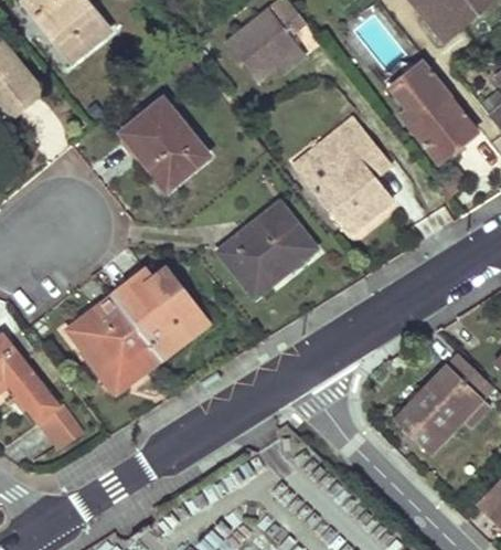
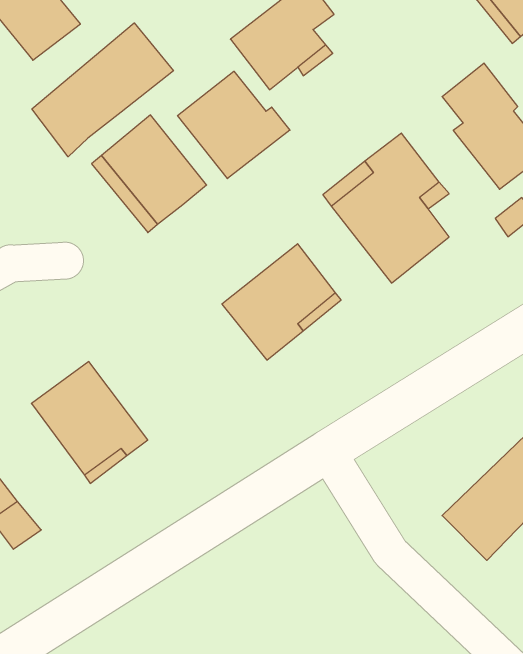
building: none -> [32,23,173,157]
building: none -> [178,71,290,179]
building: [114,269,206,357] -> none

